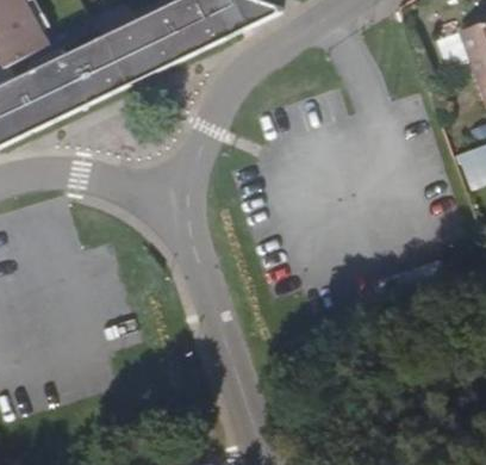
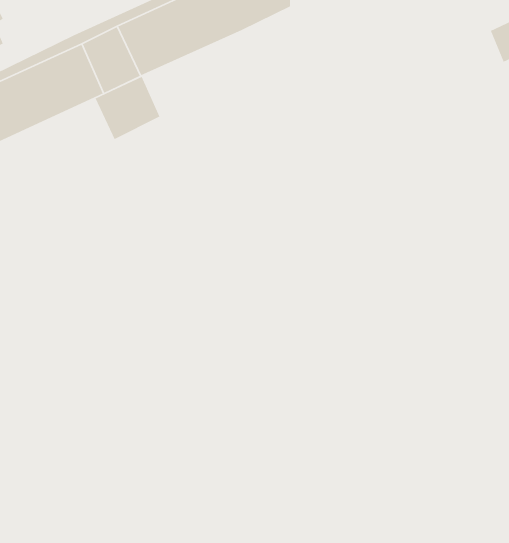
building: none -> [95,76,160,140]

